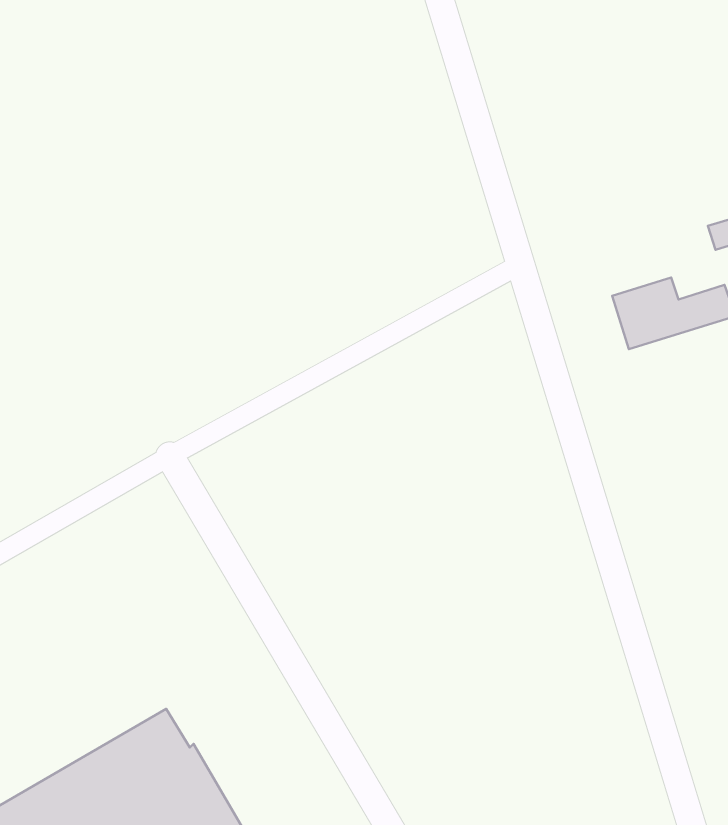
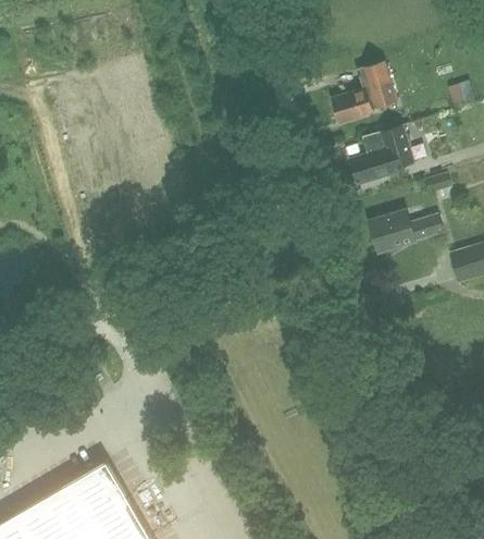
building: none -> [330,63,395,124]
building: none -> [349,126,412,185]

